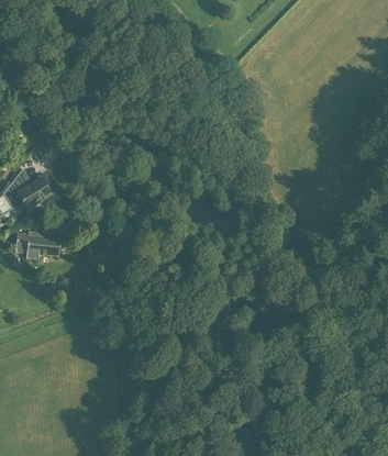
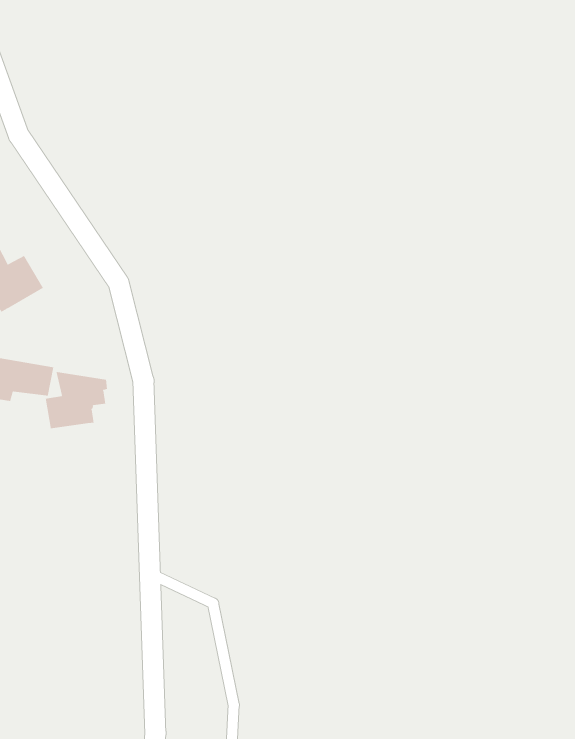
building: none -> [45,371,107,429]

